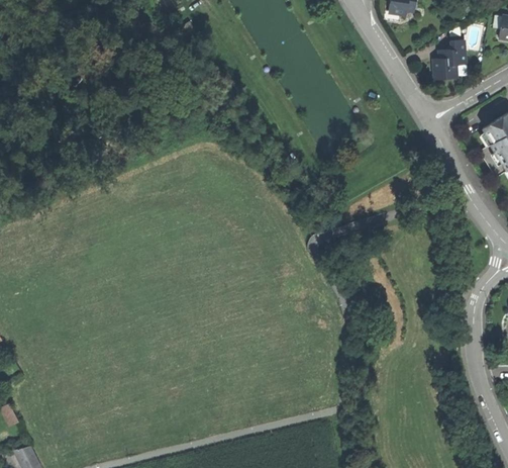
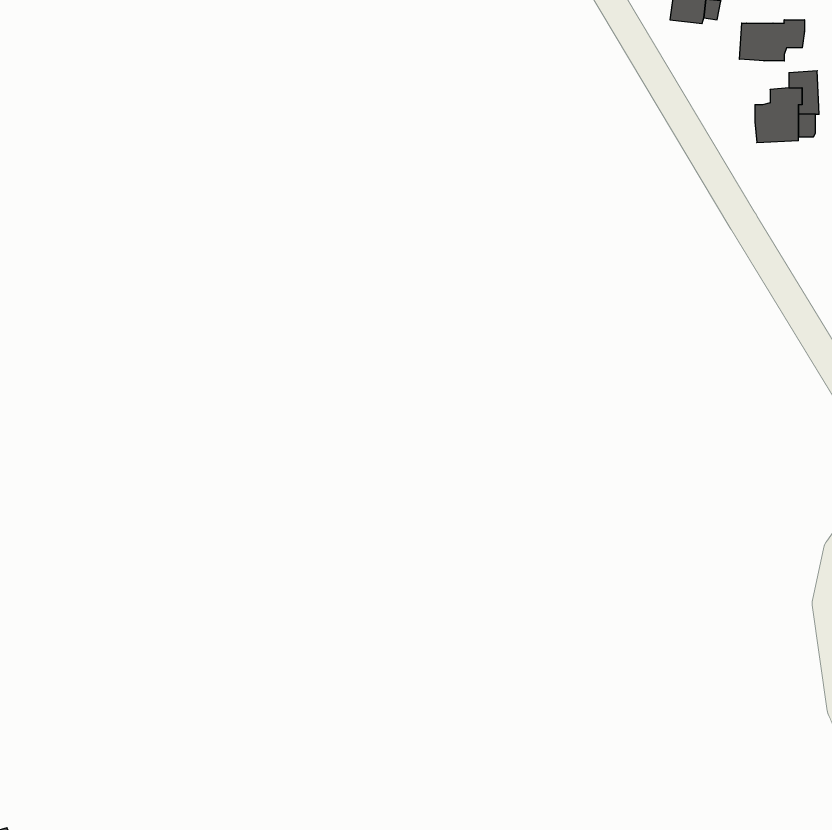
building: none -> [739,20,804,61]

